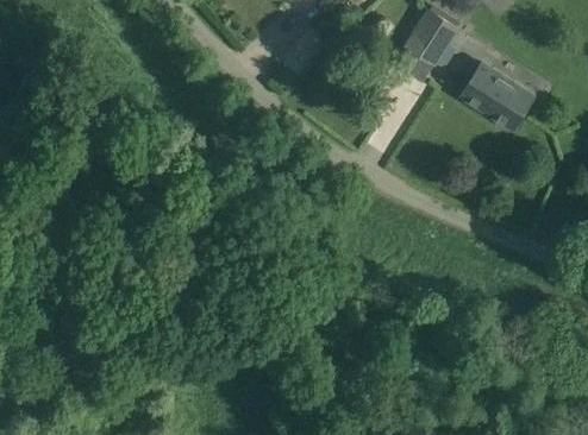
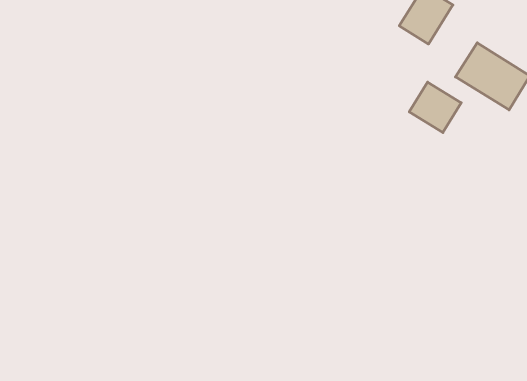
building: none -> [409,82,461,133]

